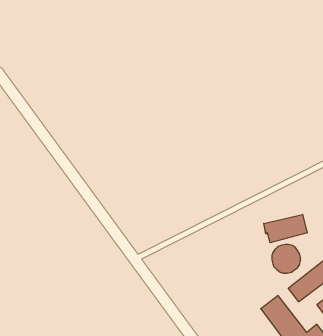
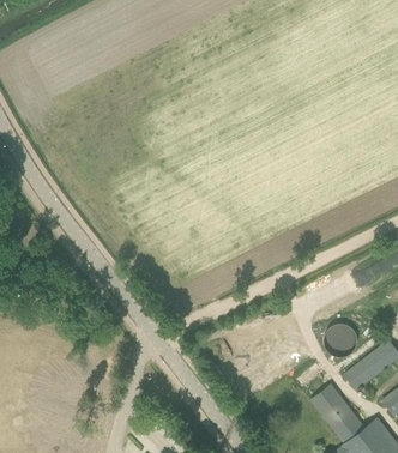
building: [264,214,307,243] -> none

